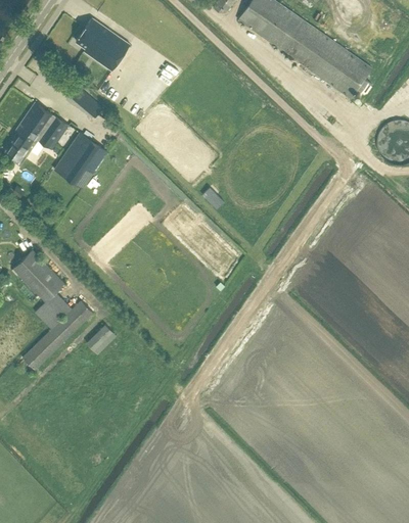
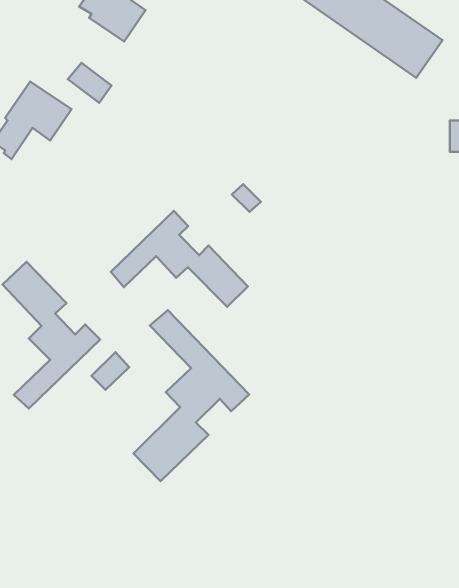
building: [55,132,108,188] -> none
building: none -> [111,211,248,307]
building: none -> [133,310,249,481]

